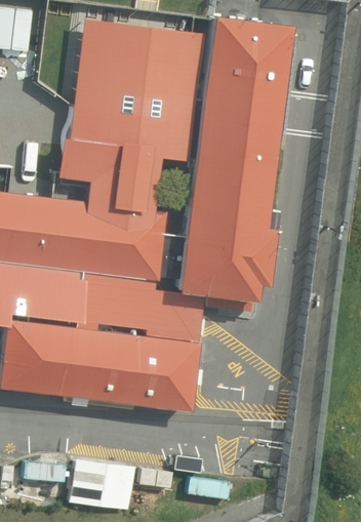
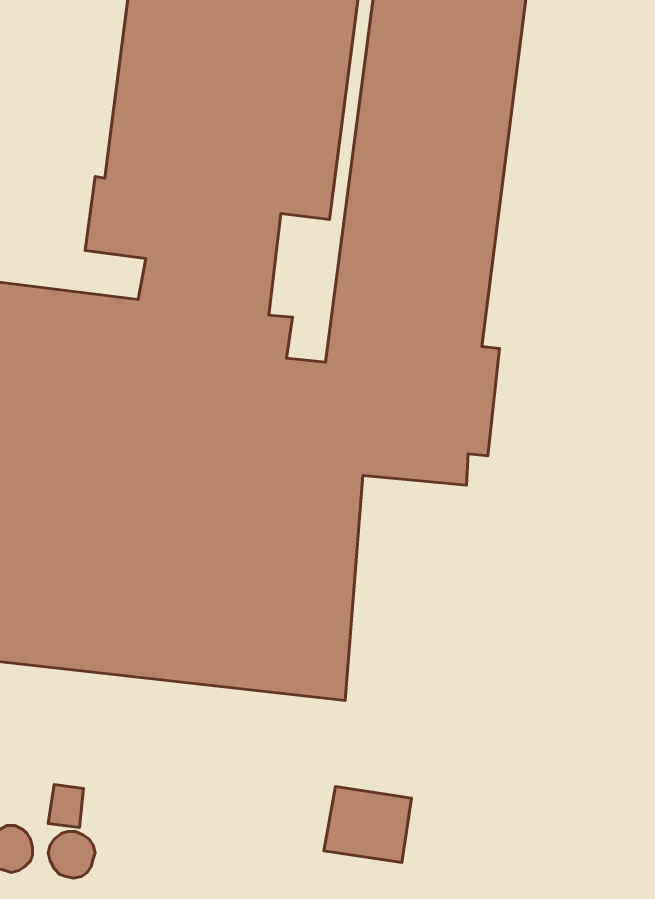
building: [70,458,136,509] -> none

